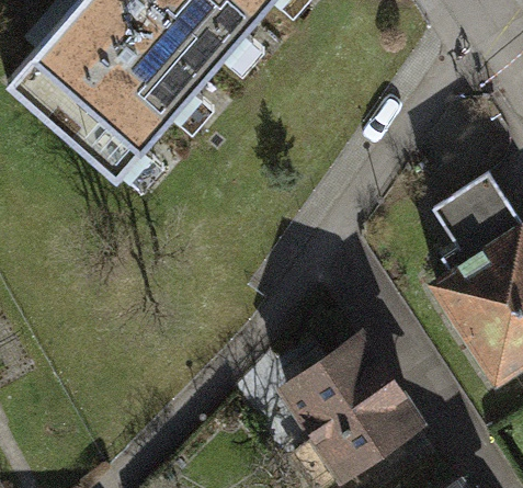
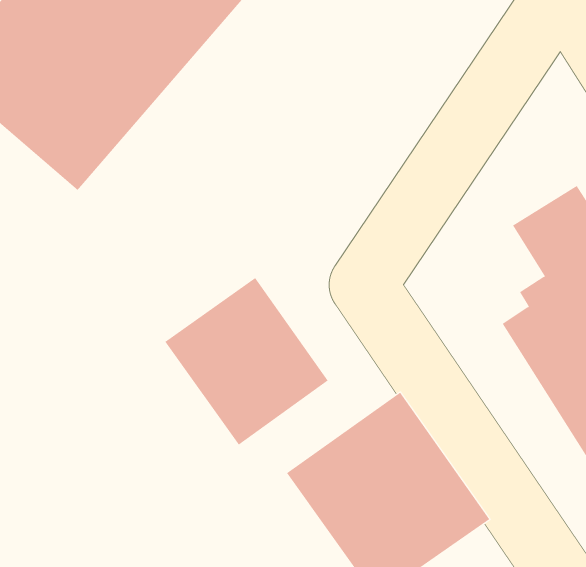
building: none -> [165,277,328,445]

